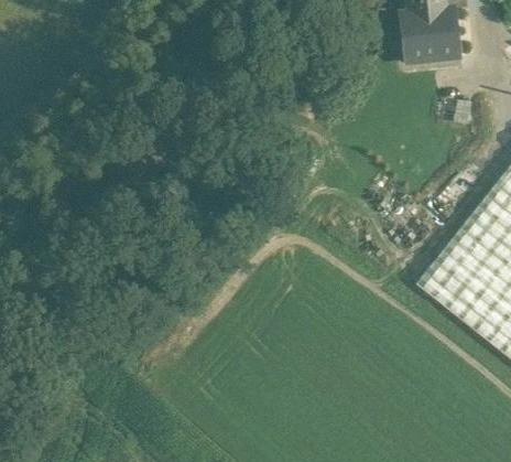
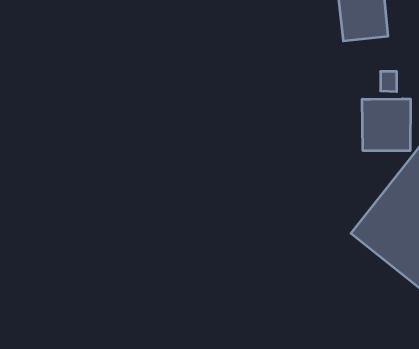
building: none -> [362,99,410,151]

